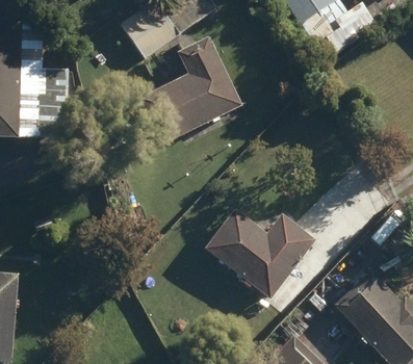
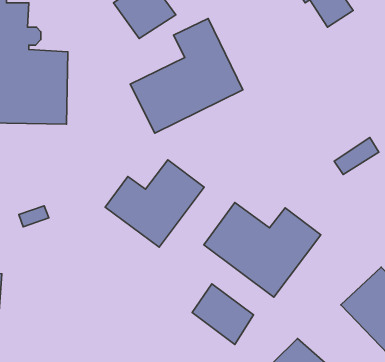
building: none -> [105,160,204,247]
building: none -> [192,284,253,345]

